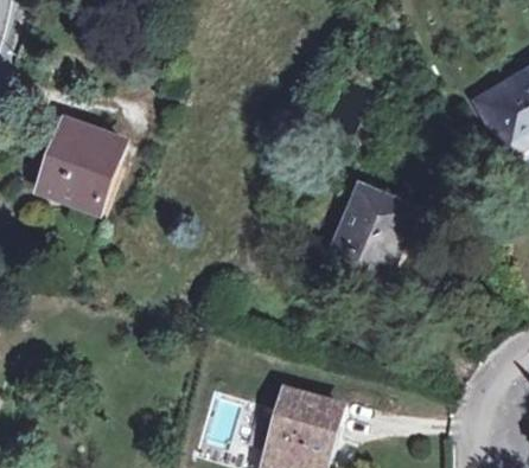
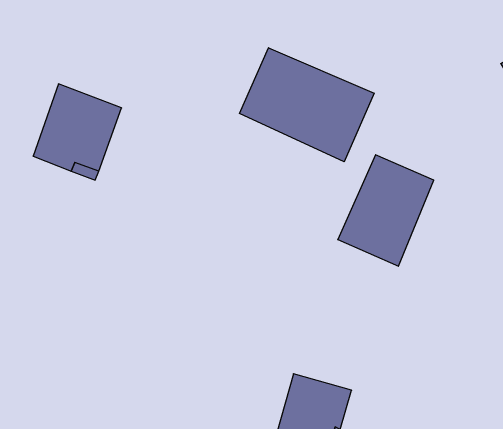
building: none -> [240,48,374,162]

